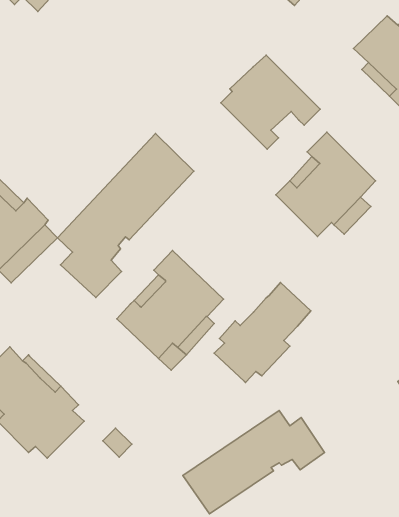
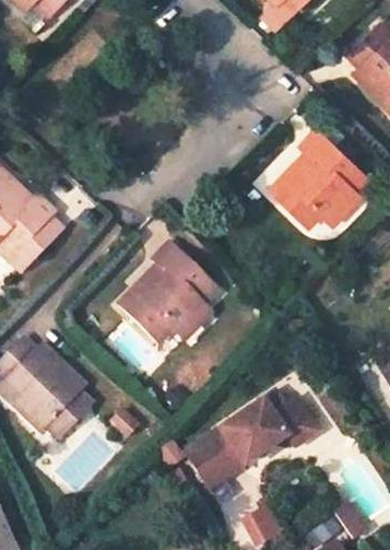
building: [221,55,320,149] -> none
building: [57,134,194,298] -> none
building: [214,282,311,382] -> none

